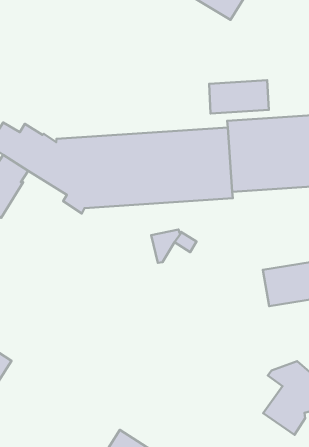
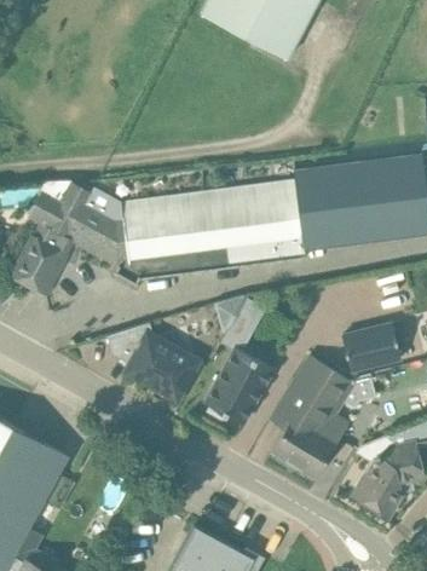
building: [209,80,269,114] -> none
building: none -> [110,321,201,398]
building: none -> [207,346,276,422]
building: none -> [271,354,359,475]

